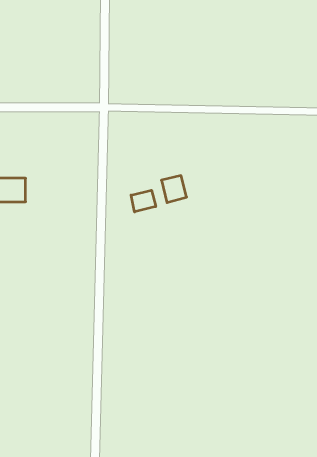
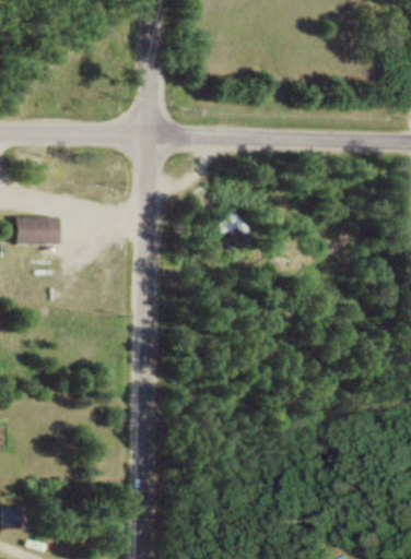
building: [131,190,156,212] -> none

